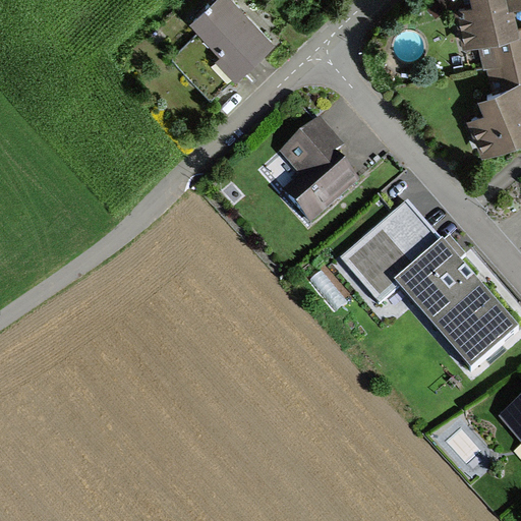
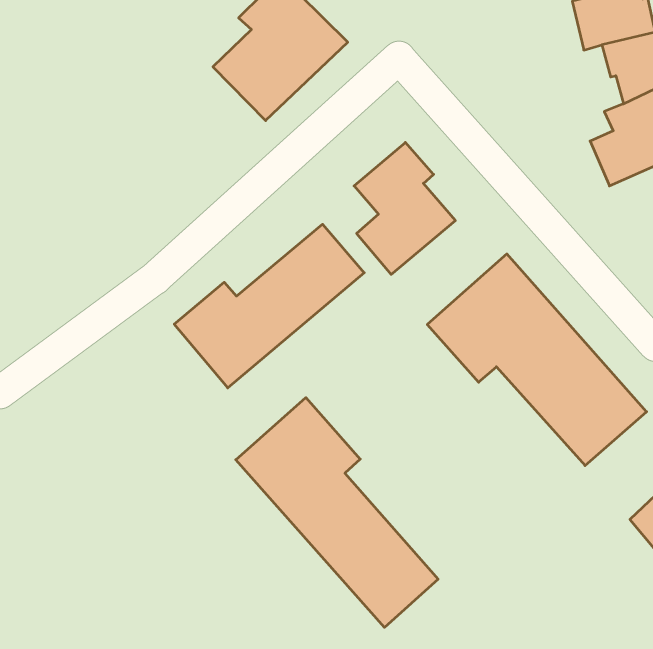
building: none -> [174,224,364,388]
building: none -> [236,398,438,627]

